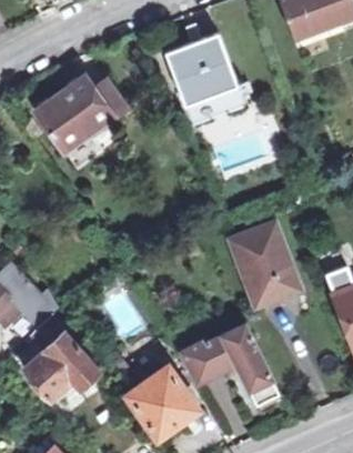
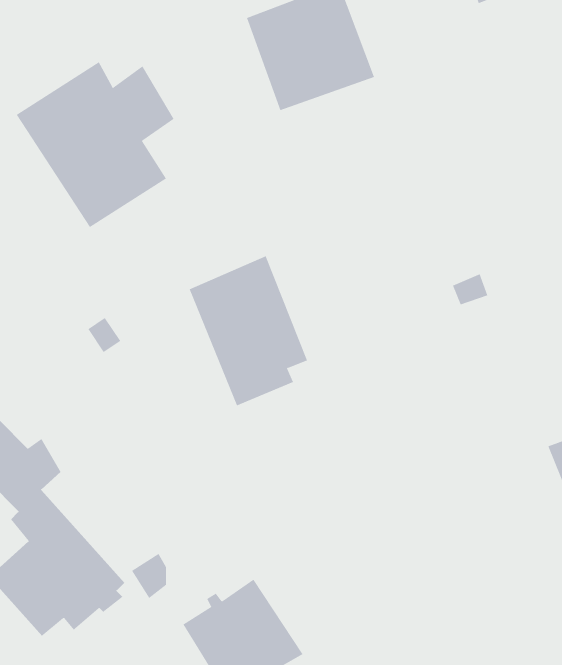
building: [229,222,295,306] -> [189,255,308,406]
building: [180,322,279,405] -> none

